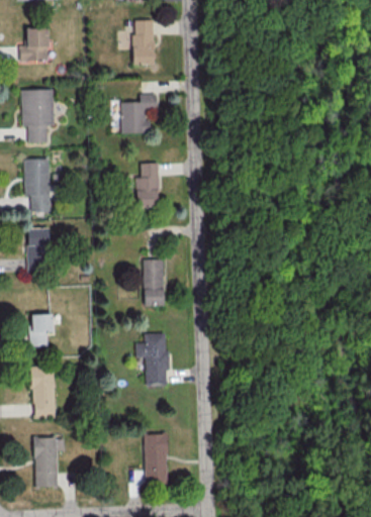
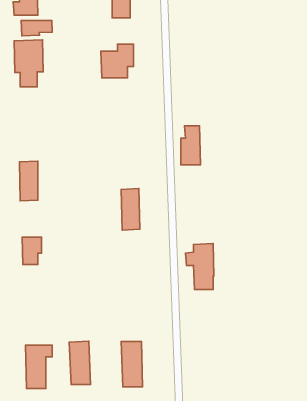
building: none -> [21,20,52,36]
building: [24,158,51,212] -> none
building: [136,163,159,207] -> [181,126,200,165]
building: [135,332,168,385] -> [186,243,214,289]
building: [31,367,56,416] -> [69,341,90,384]

